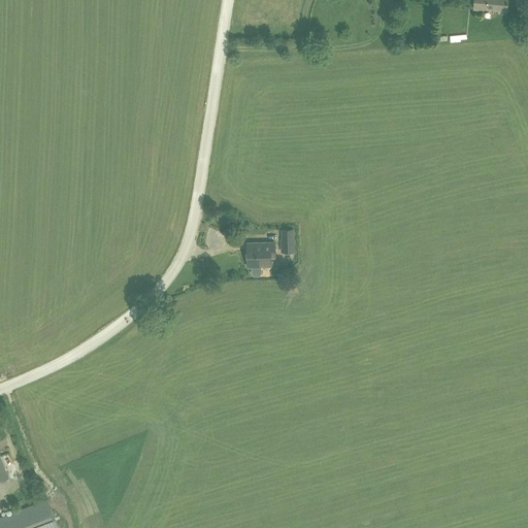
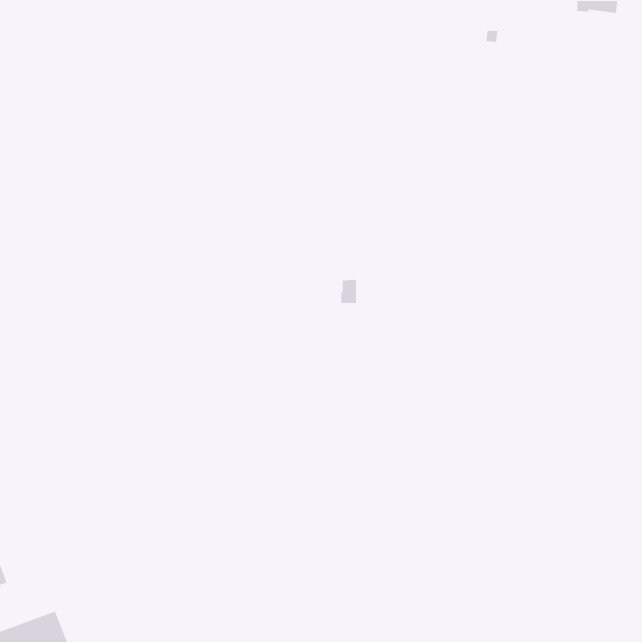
building: [245,243,274,268] -> none

